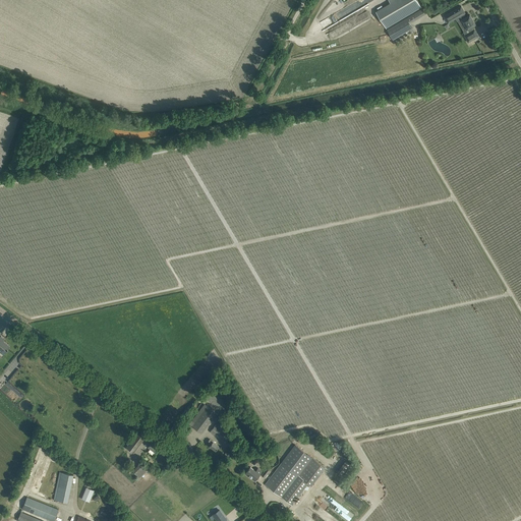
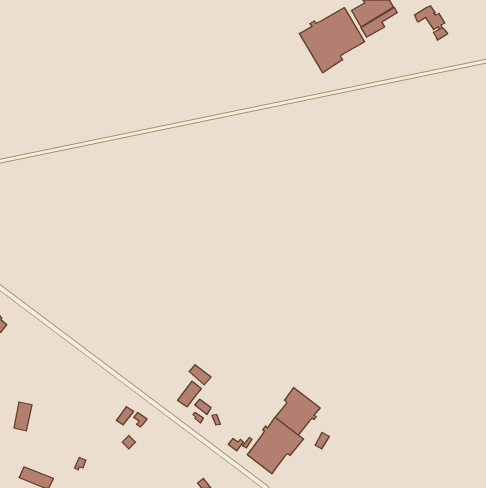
building: none -> [299,8,365,73]
building: none -> [275,387,320,435]
building: [52,472,71,503] -> [14,402,32,431]

